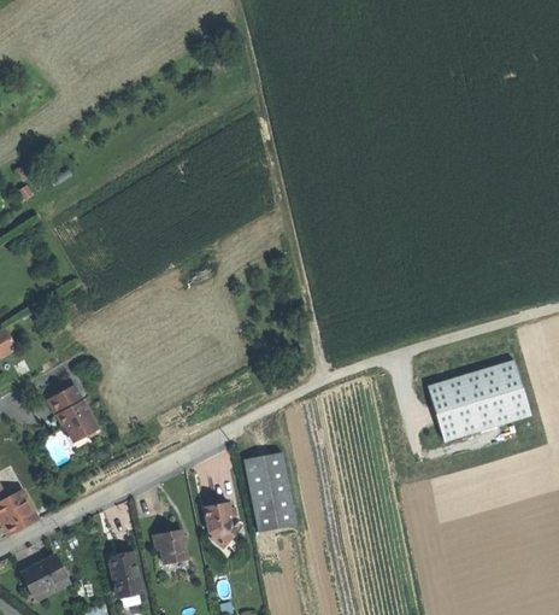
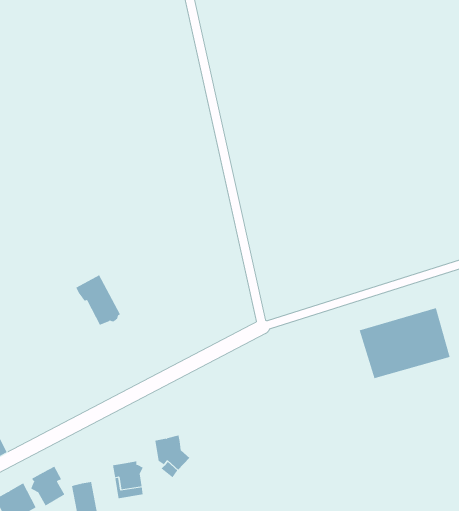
building: [47,385,98,441] -> [76,275,121,325]
building: [245,452,294,529] -> none
building: none -> [31,466,65,506]

